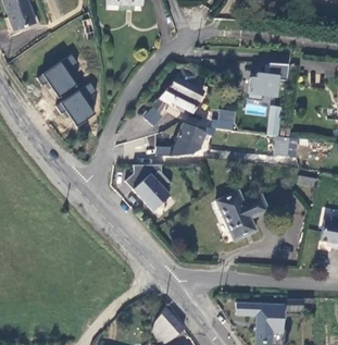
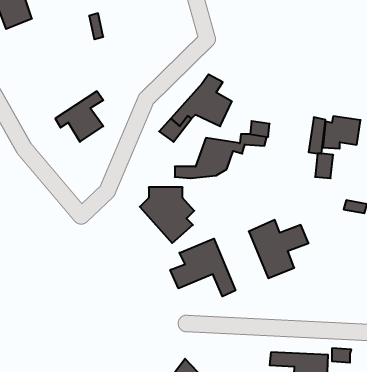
building: [37,53,77,96] -> none
building: [248,72,279,99] -> [323,116,361,149]
building: none -> [170,239,235,296]

